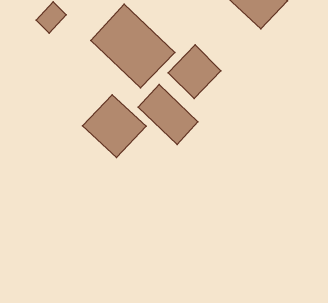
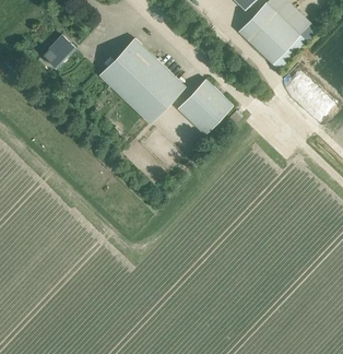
building: [138,85,198,144] -> none
building: [82,95,146,157] -> none

